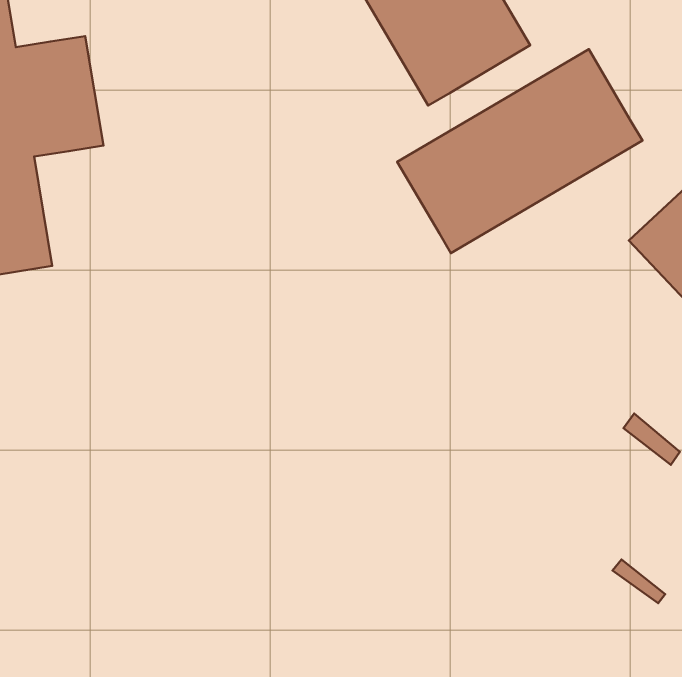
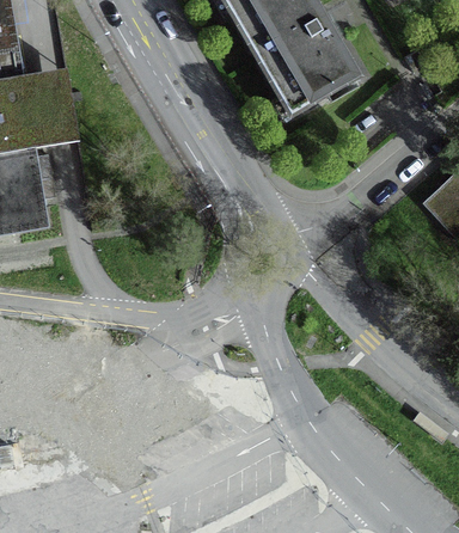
building: [397,49,642,253] -> none

